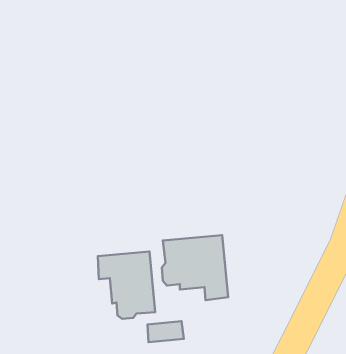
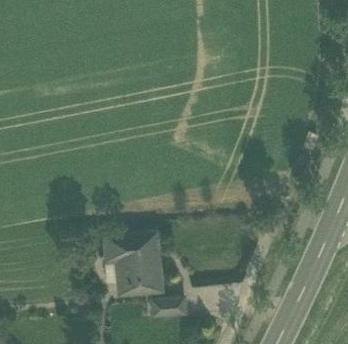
building: [162,235,228,300] -> none

